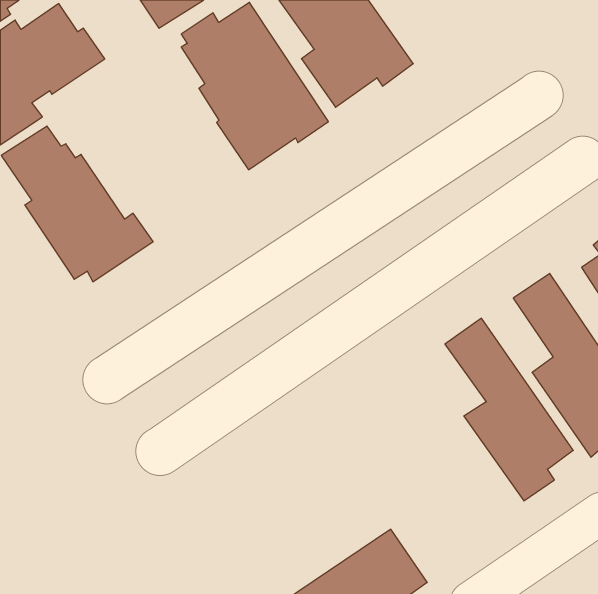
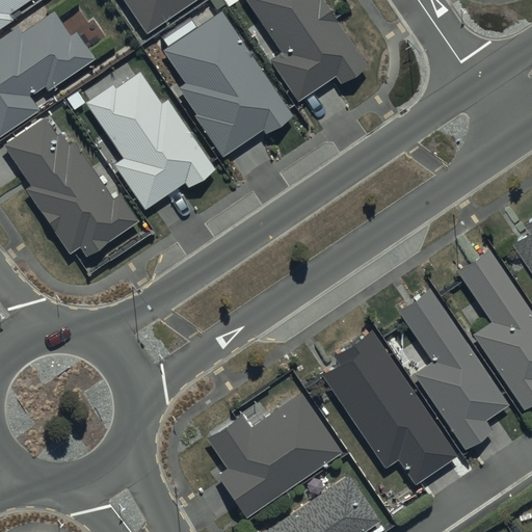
building: none -> [86,72,216,210]
building: none -> [322,328,459,485]
building: none -> [206,392,342,516]

